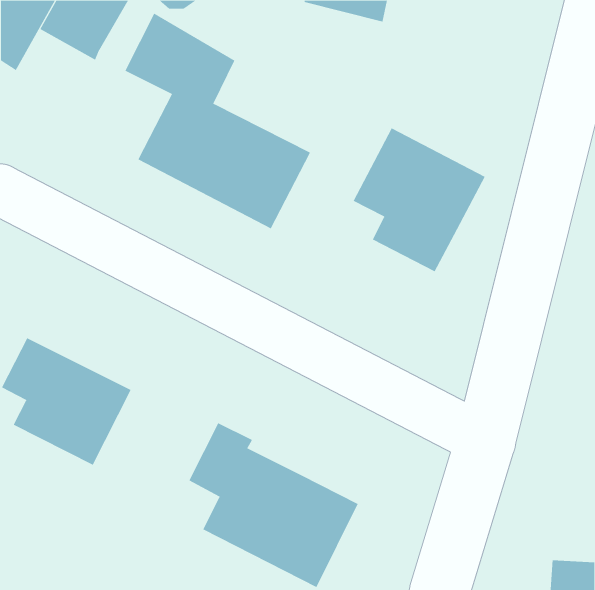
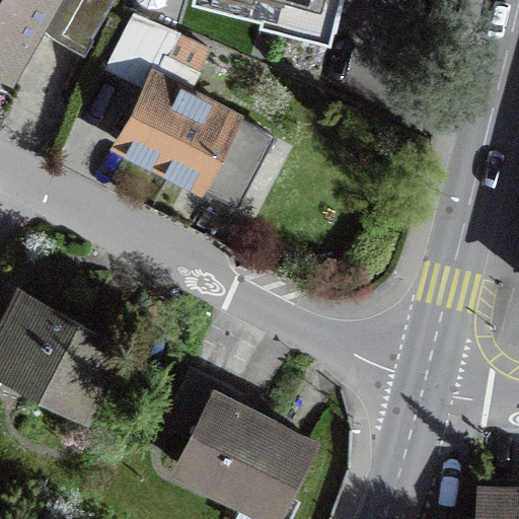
building: [353,127,486,272] -> none

